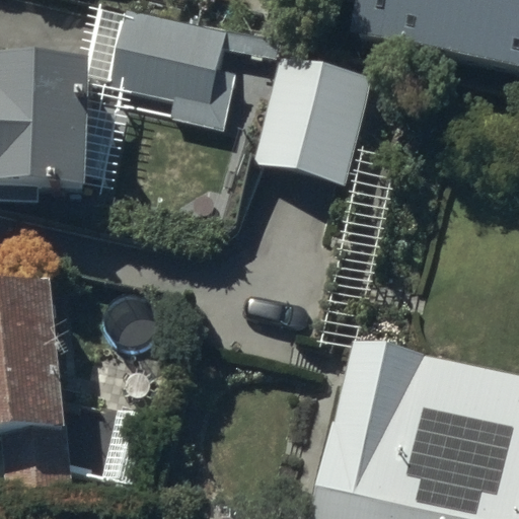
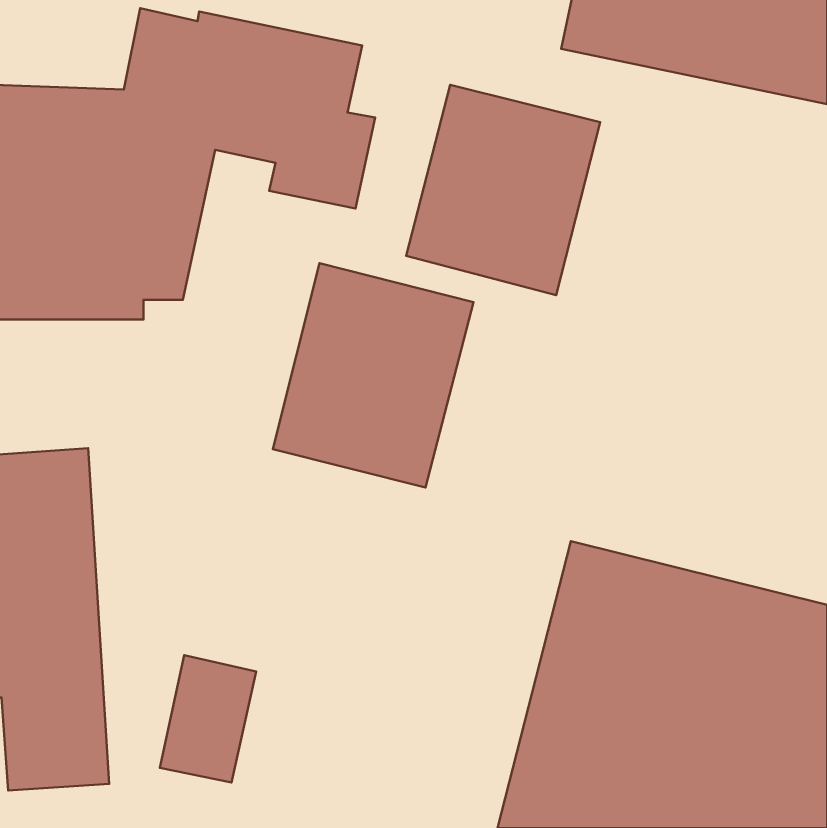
building: none -> [273,263,473,488]

